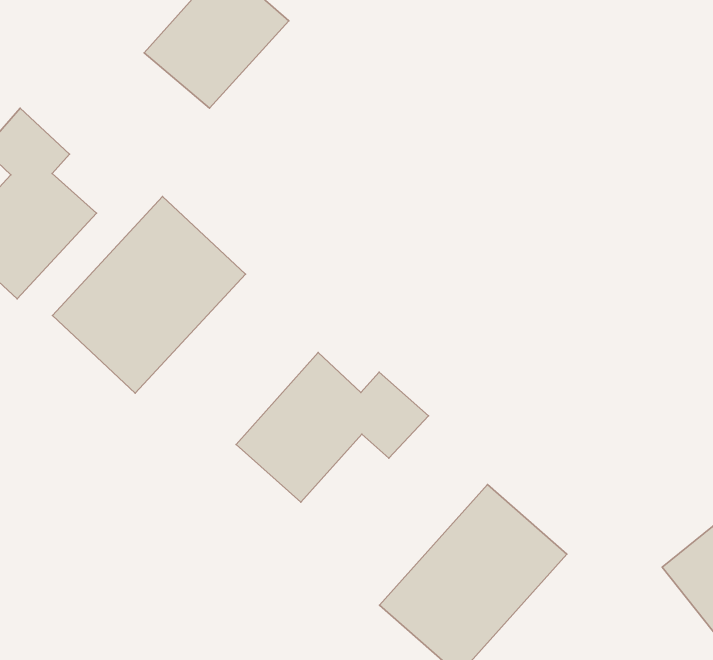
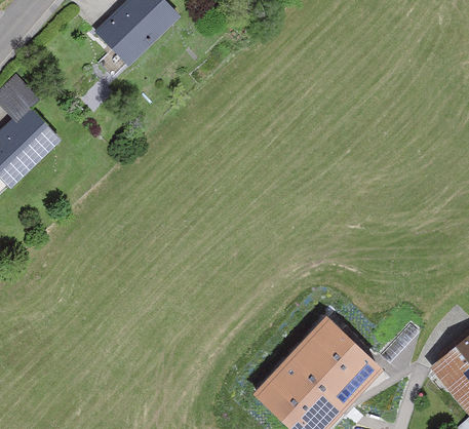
building: [52,196,245,393] -> none
building: [236,353,429,502] -> none

